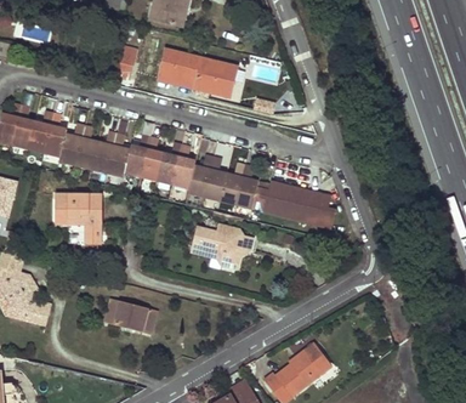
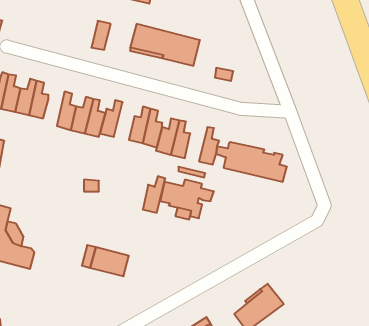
building: [58,124,84,164] -> none
building: [140,137,163,180] -> none
building: [220,163,245,204] -> [143,176,165,213]
building: [55,194,102,234] -> none

